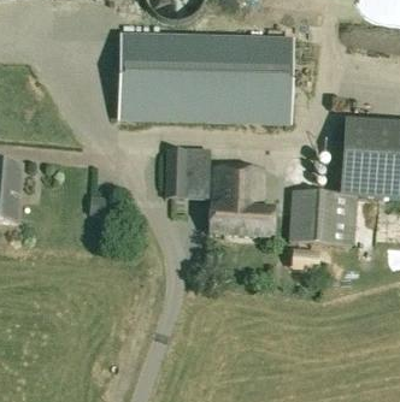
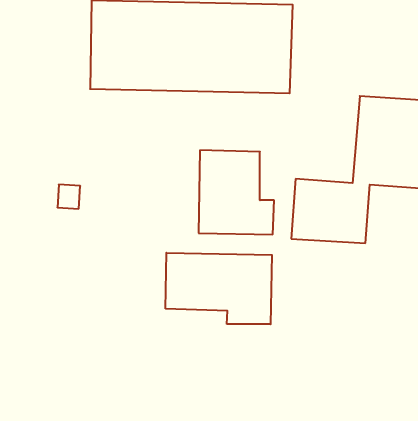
building: [165,147,210,197] -> none
building: none -> [166,253,272,324]

